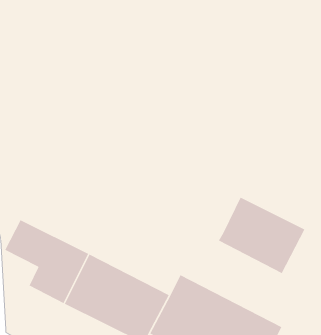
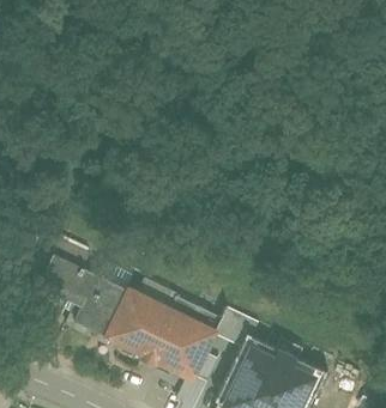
building: [218,196,305,274] -> none

